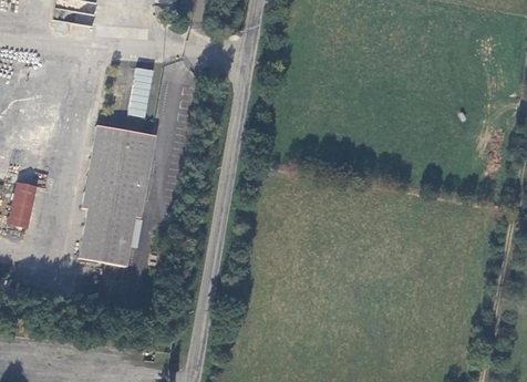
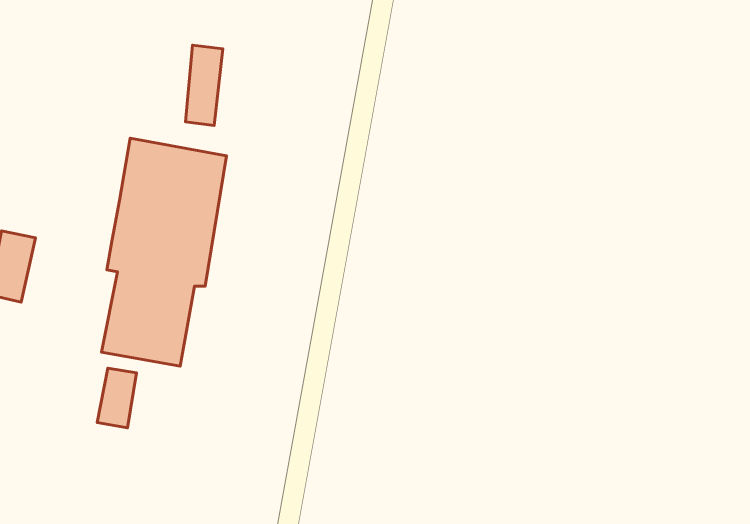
building: none -> [97,368,136,428]

